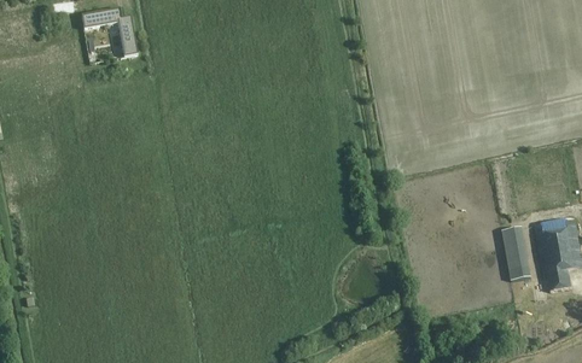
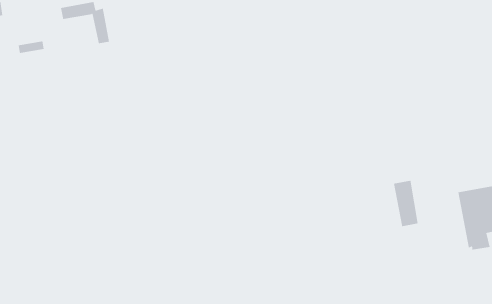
building: [501,227,530,280] -> [393,180,418,227]

